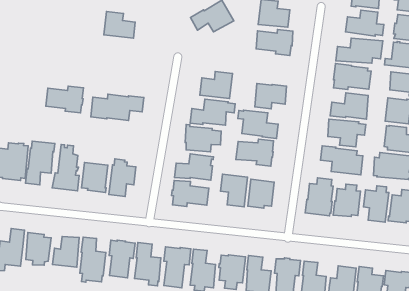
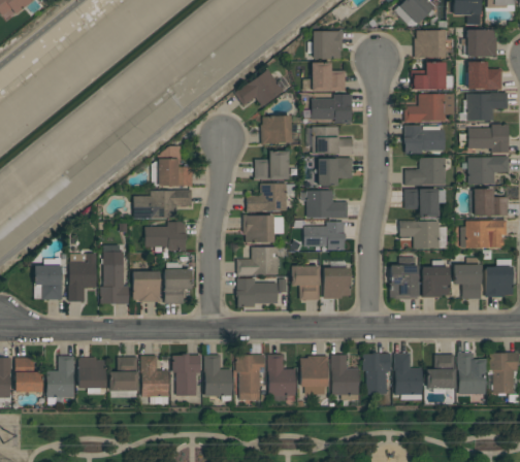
building: [104,11,135,38] -> [159,159,193,186]
building: none -> [261,116,292,145]
building: none -> [307,127,353,155]
building: [46,86,83,113] -> [145,222,187,251]

